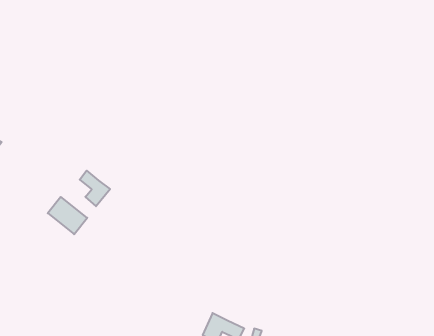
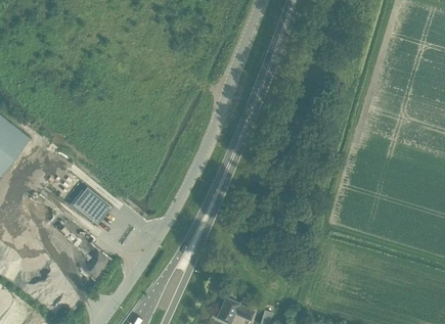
building: [80,171,110,206] -> none

